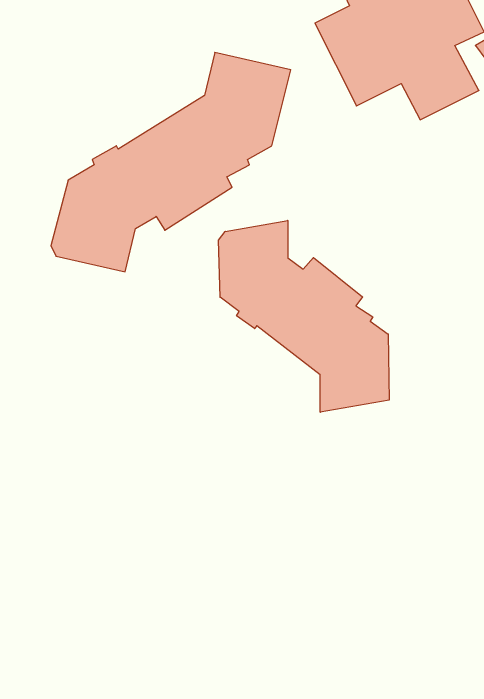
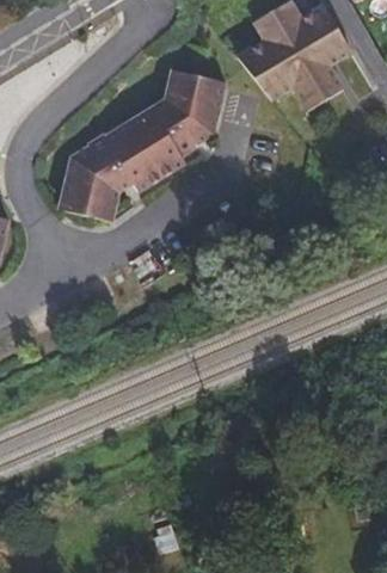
building: [219,220,389,412] -> none

